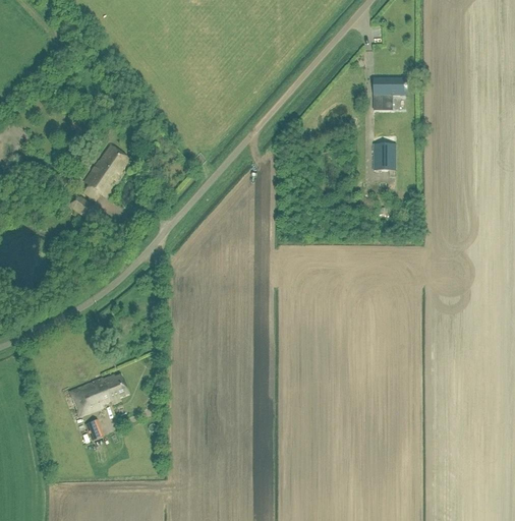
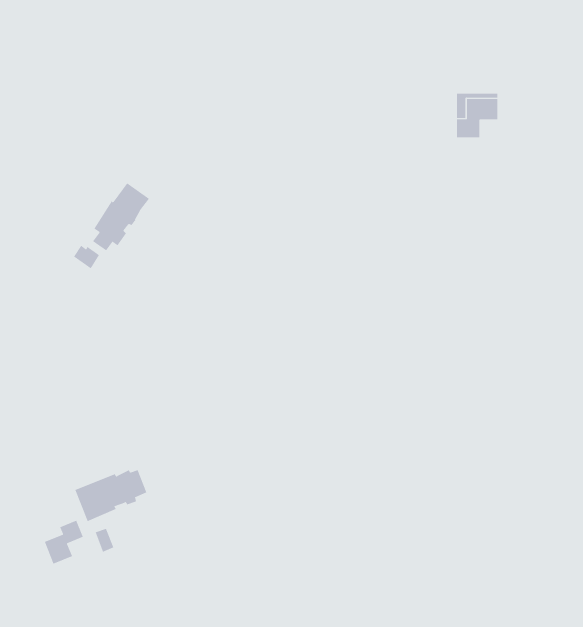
building: [374,143,396,170] -> none
building: none -> [44,520,84,564]

